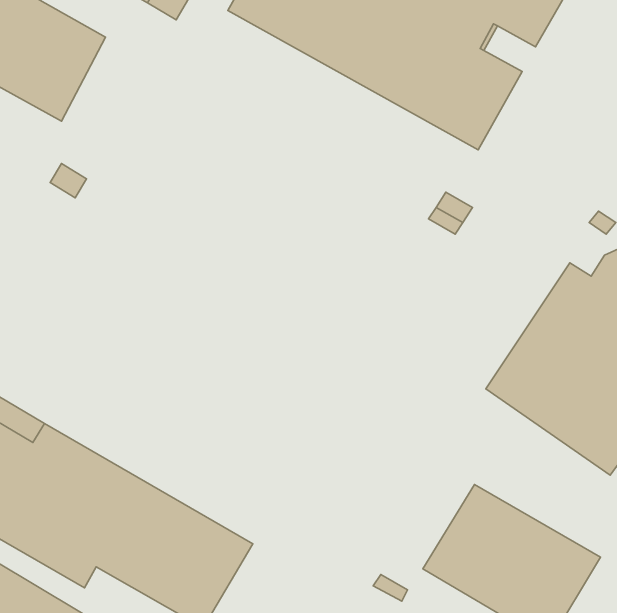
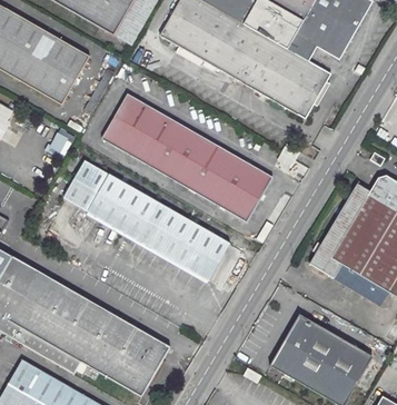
building: none -> [100,95,271,221]
building: none -> [63,161,229,280]

